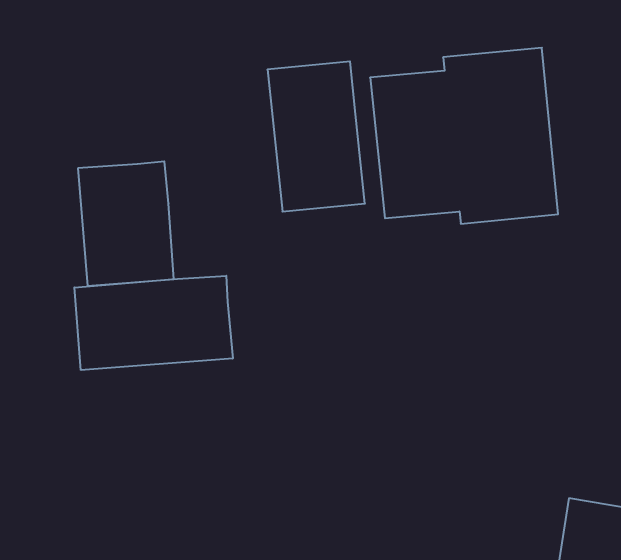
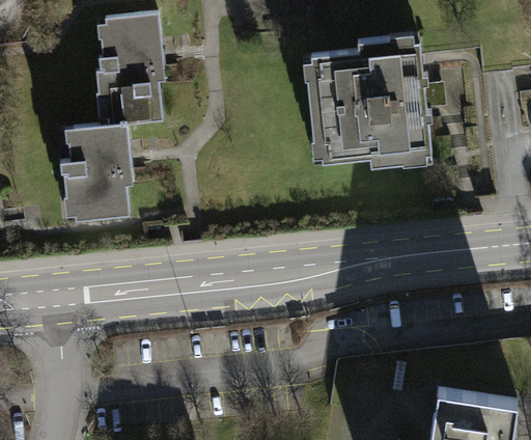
building: [267,61,365,212] -> [96,12,171,128]
building: [74,276,233,370] -> none

